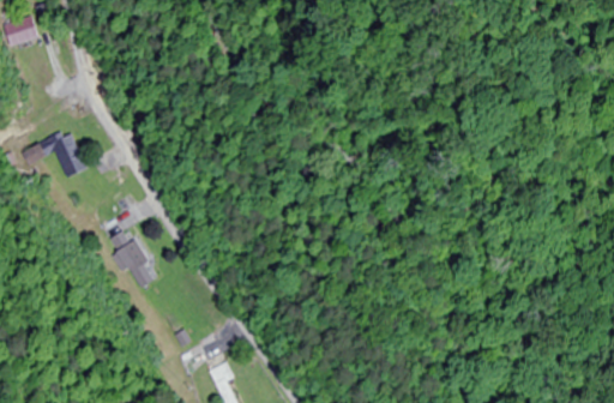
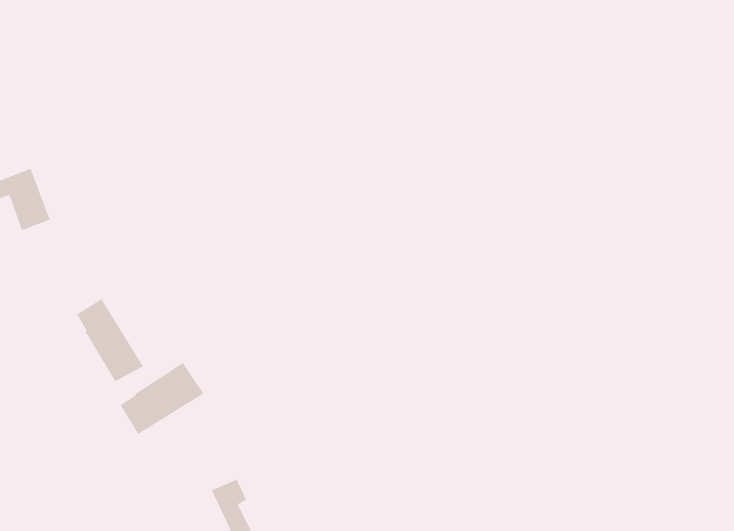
building: none -> [120,362,204,435]

